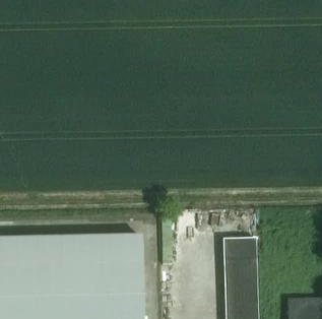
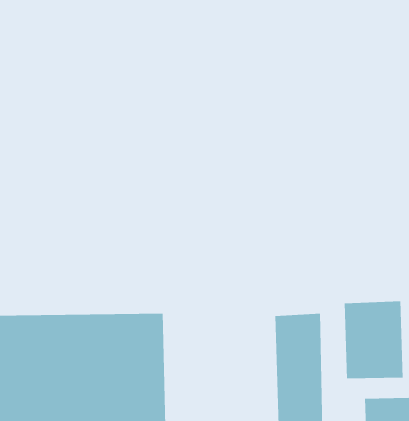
building: none -> [344,300,403,379]

